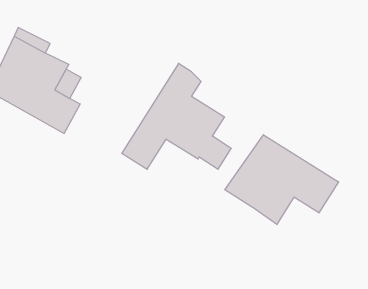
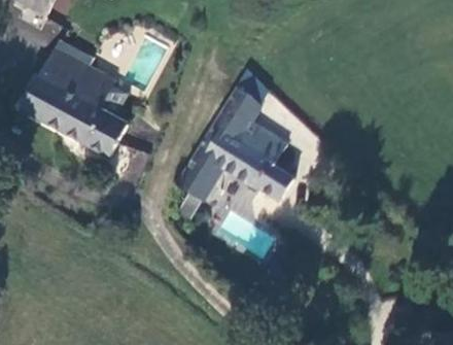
building: [225,135,339,225] -> none

